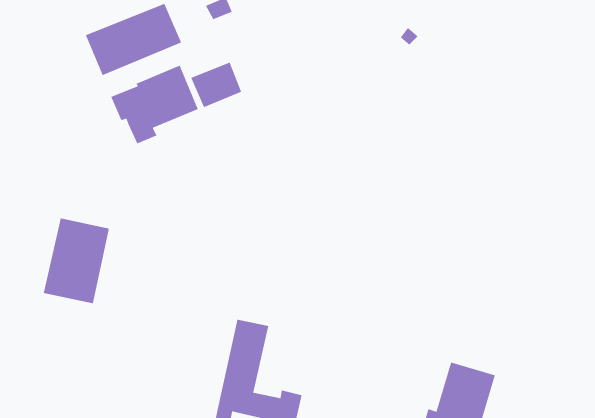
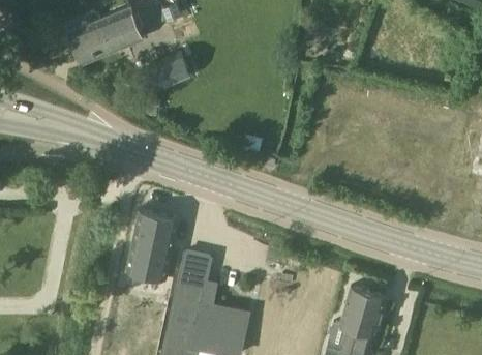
building: [110,65,199,144] -> none
building: [43,217,110,304] -> [126,211,178,278]

